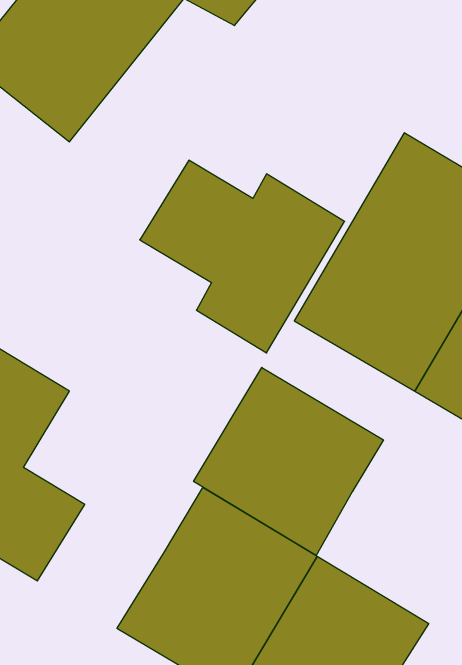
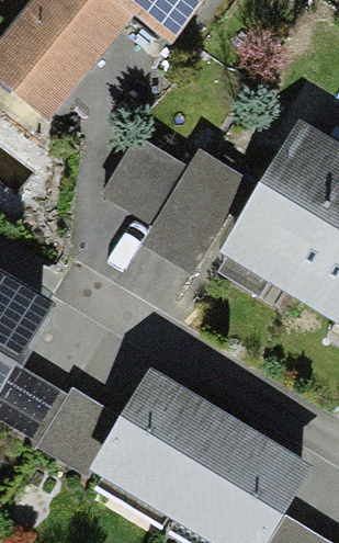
building: [194,367,383,555] -> none
building: none -> [30,385,121,474]

